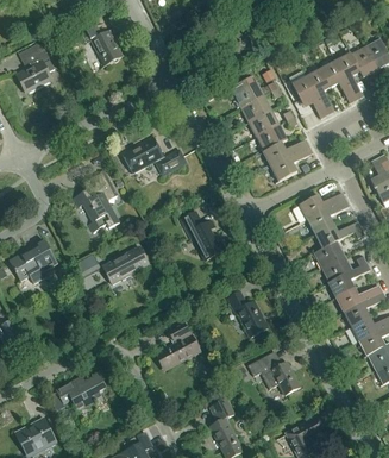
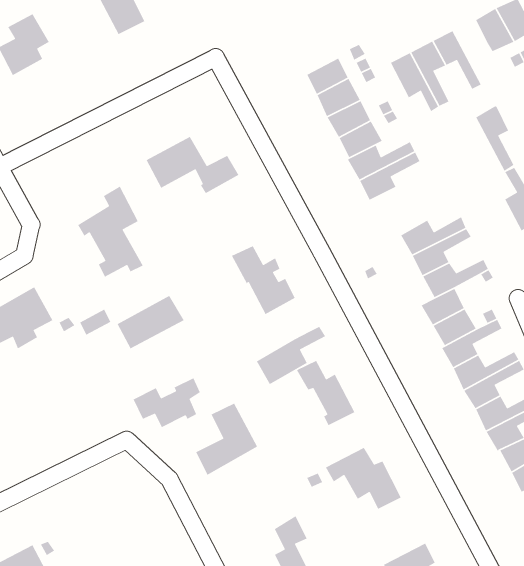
building: [335,52,363,99] -> [475,105,514,172]
building: none -> [256,326,326,385]
building: [56,372,103,408] -> [132,377,201,428]

